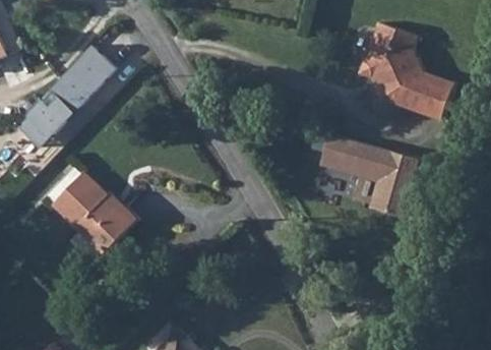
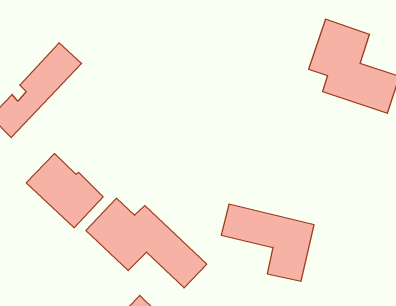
building: [318,137,419,221] -> [221,204,314,281]
building: none -> [86,198,207,288]

